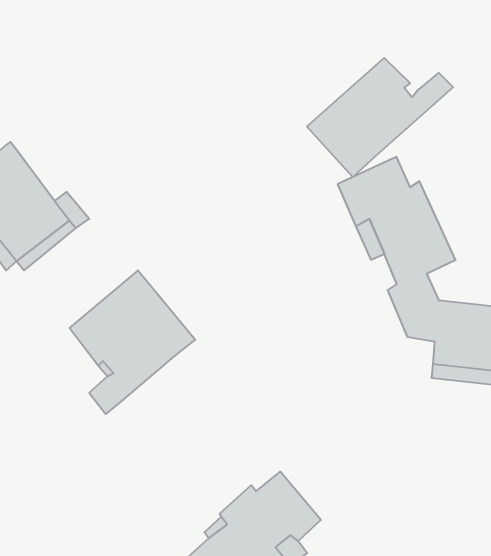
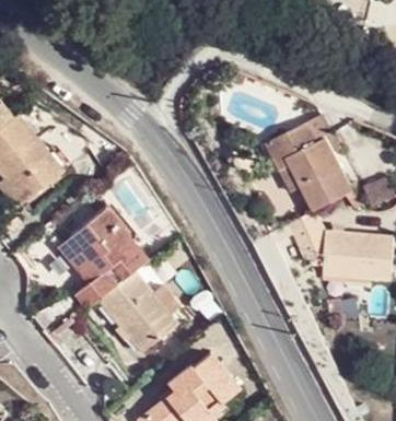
building: [307,58,453,177] -> none
building: none -> [95,268,176,352]

